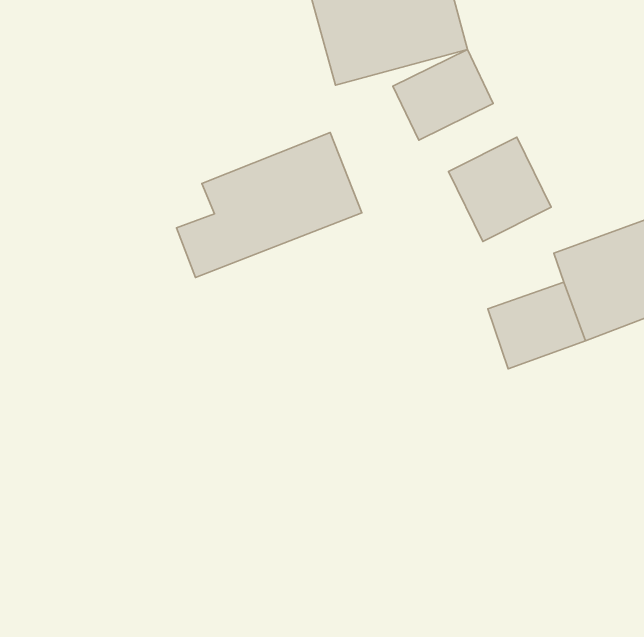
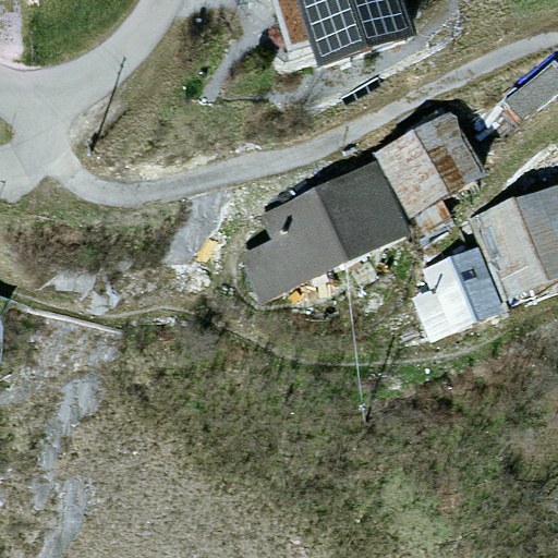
building: [393,50,493,140] -> none
building: [176,133,362,278] -> [252,163,411,288]

